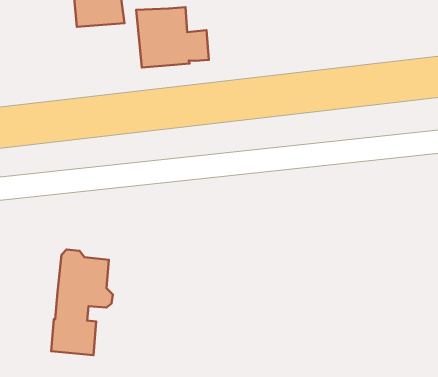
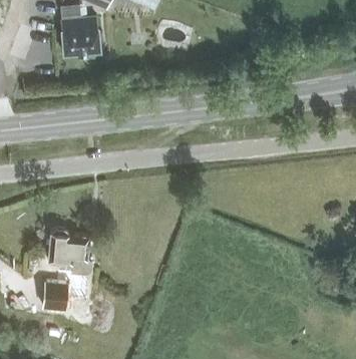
building: [136,7,209,68] -> none

